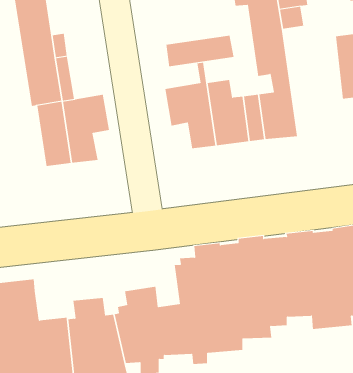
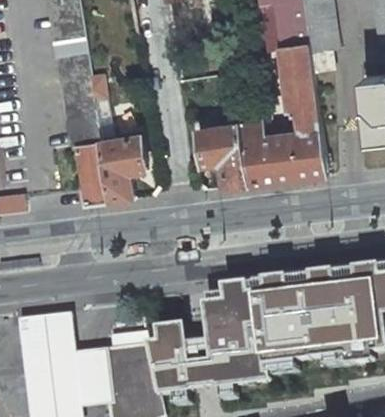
building: [166,35,234,67] -> none

